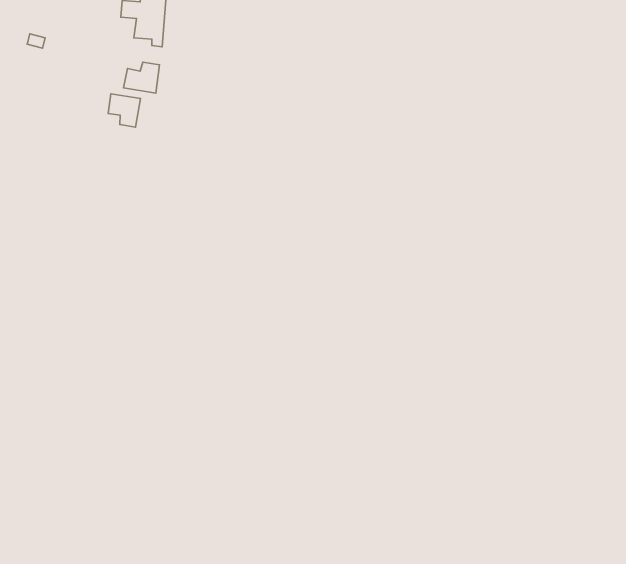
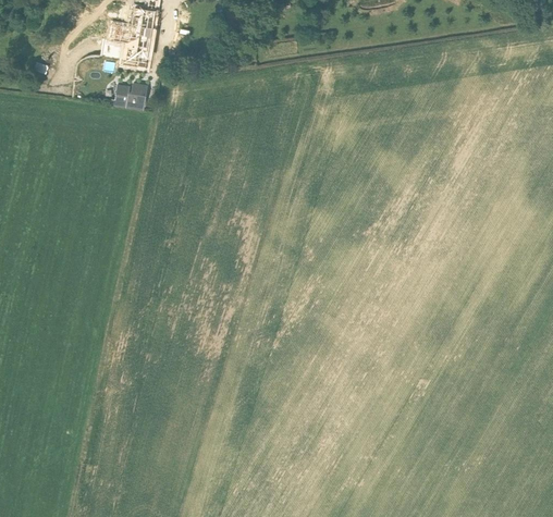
building: [108,94,141,127] -> none

